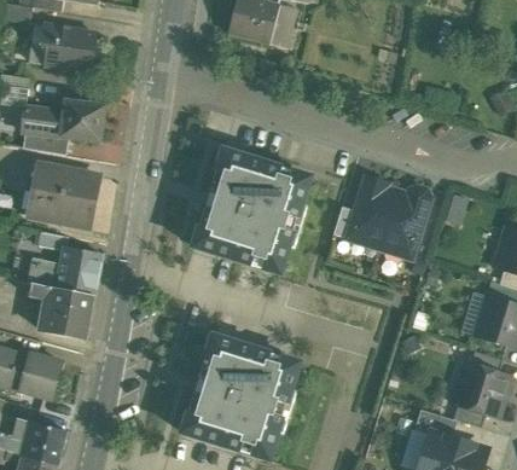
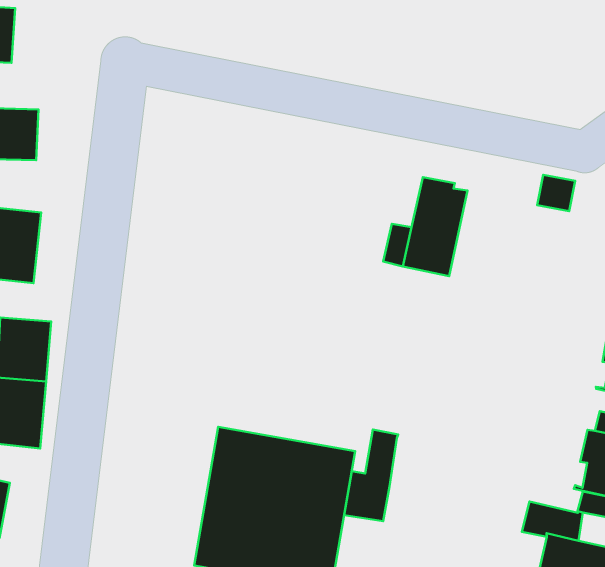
building: [193,152,313,271] -> none
building: [378,185,430,256] -> none
building: none -> [344,430,398,521]

